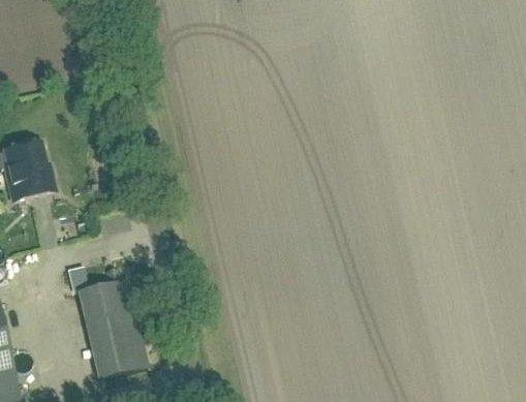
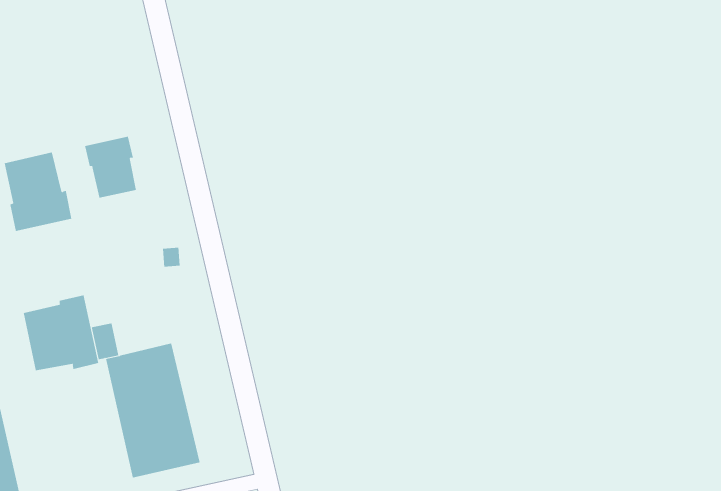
building: none -> [84,136,137,198]
building: none -> [23,294,99,371]

